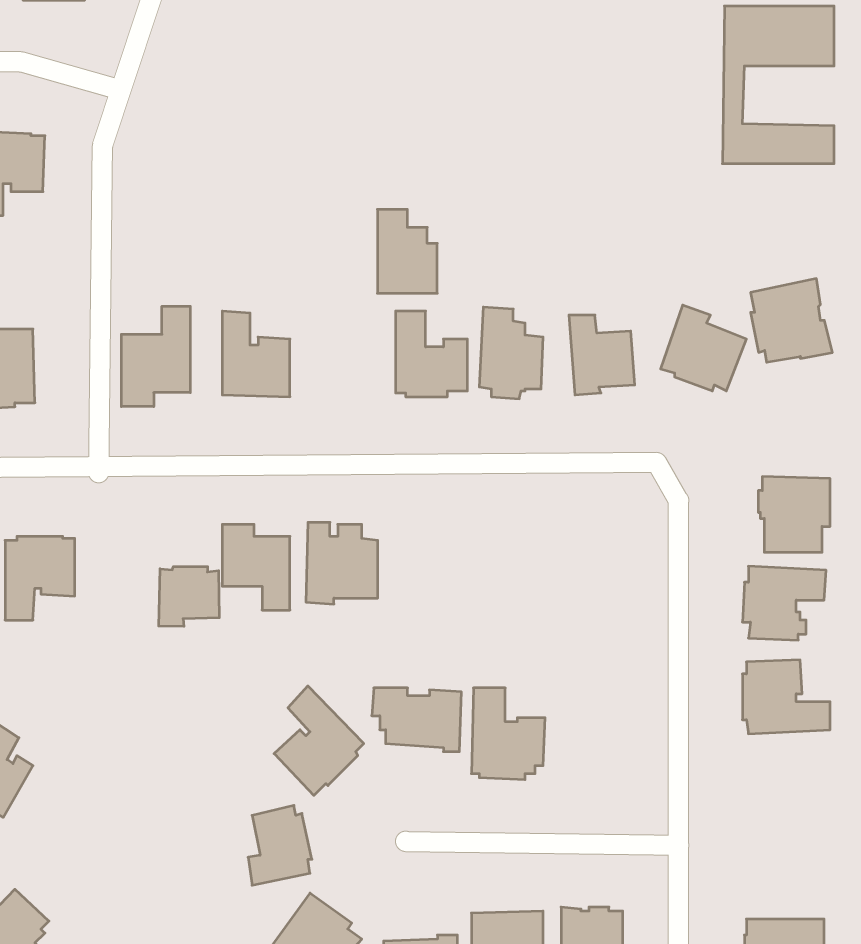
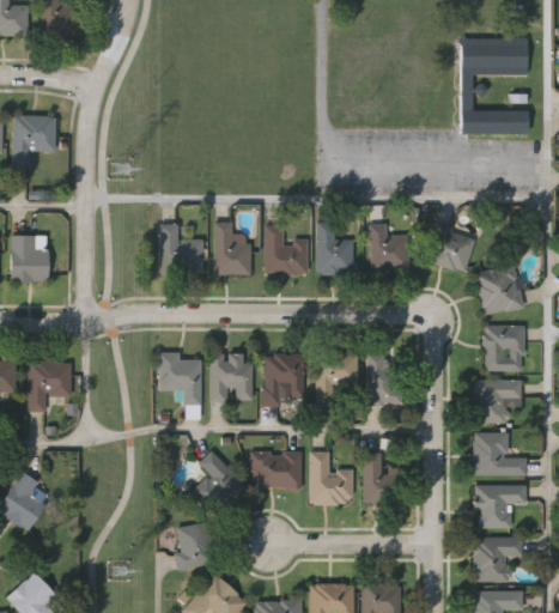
building: [377,209,437,293] -> [213,223,249,273]
building: [751,279,832,362] -> [475,265,524,315]
building: [121,306,190,407] -> none
building: none -> [317,351,359,402]
building: none -> [263,352,305,405]
building: none -> [369,352,402,405]
building: [159,567,219,626] -> none
building: none -> [364,450,402,504]
building: none -> [474,484,527,528]
building: none -> [474,536,523,582]

